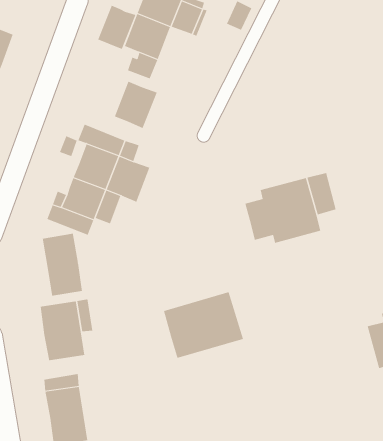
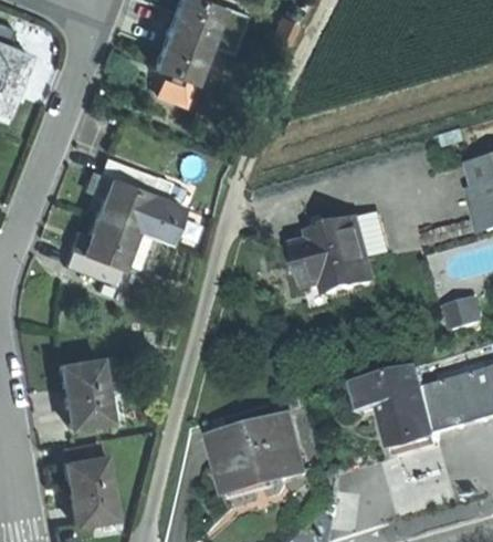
building: [98,5,136,50] -> none
building: [114,81,157,129] -> none
building: [42,233,82,297] -> none
building: [163,291,244,358] -> [219,417,311,493]
building: none -> [361,359,441,446]

